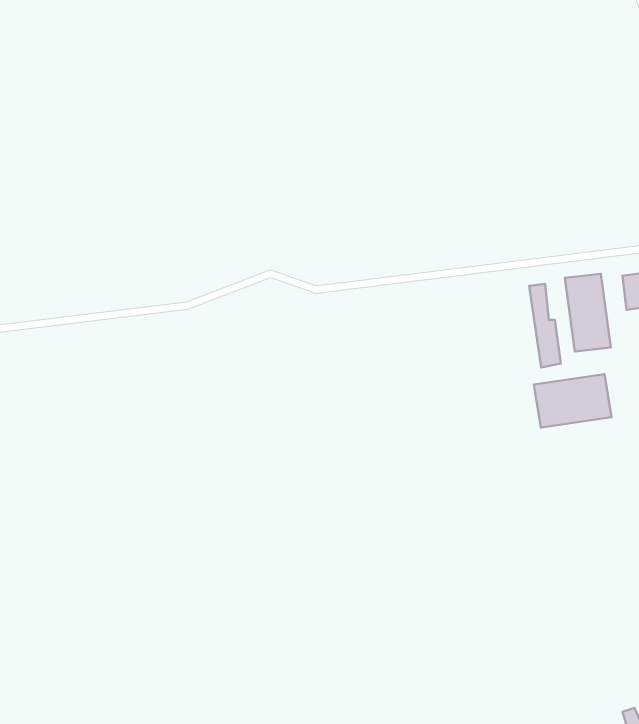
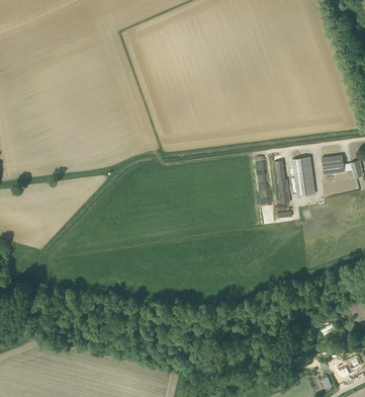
building: [534,374,612,427] -> none

